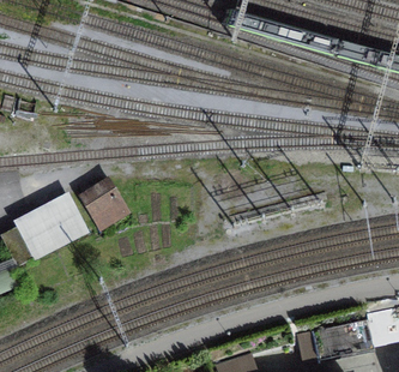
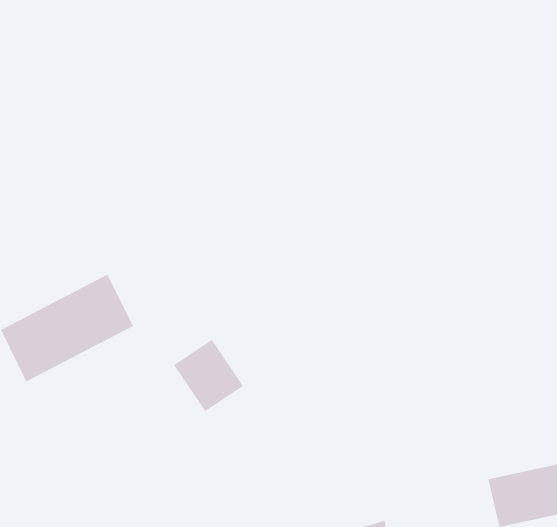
building: [84,180,129,227] -> [173,339,244,412]

